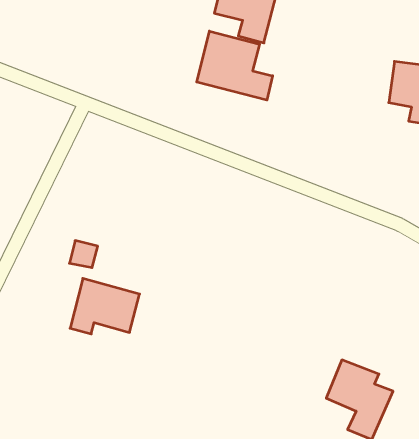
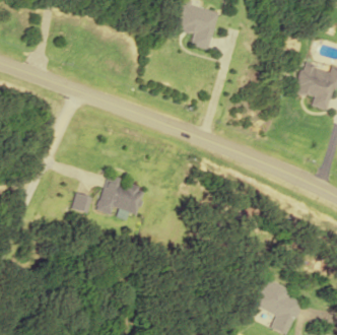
building: [197,31,273,100] -> none
building: [70,278,140,334] -> [95,177,145,216]

